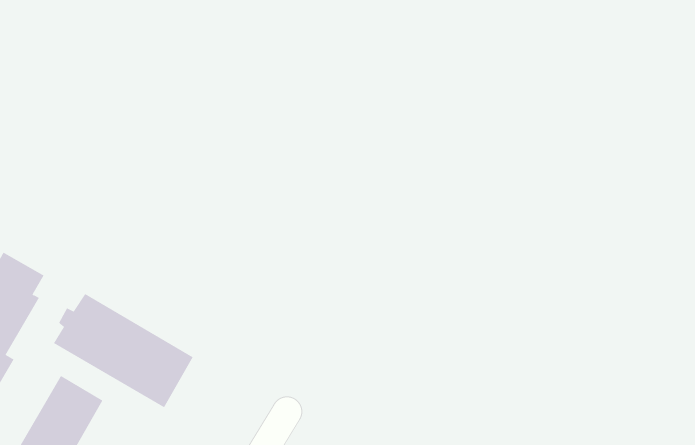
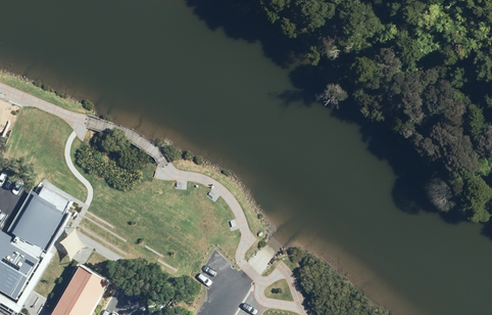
building: [53,293,193,408] -> none

